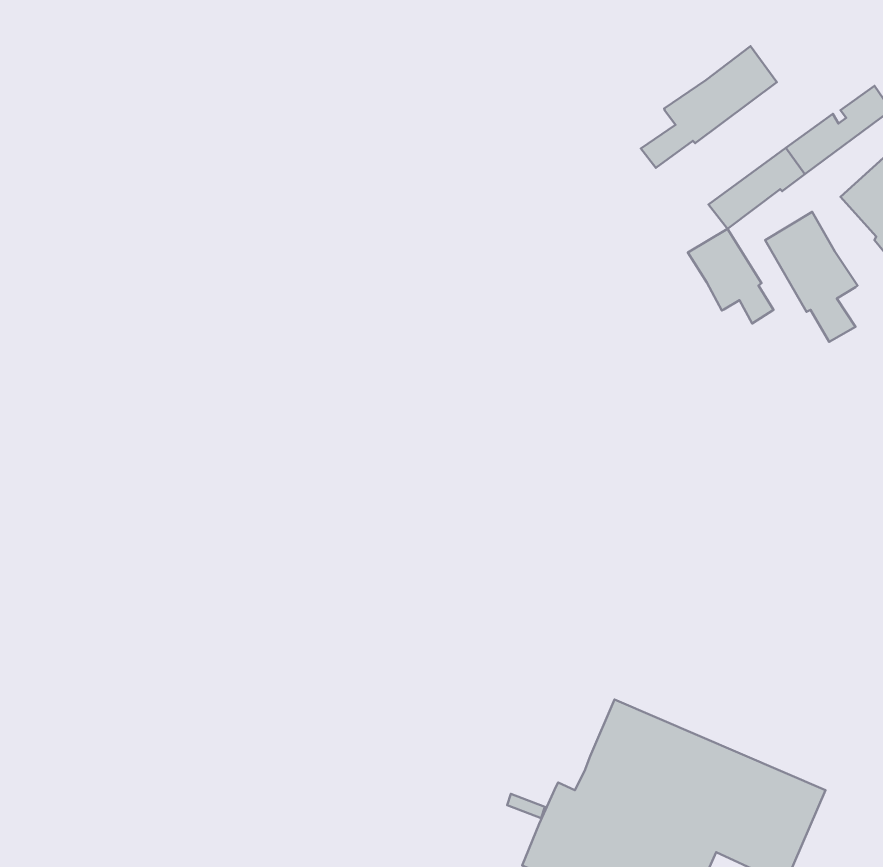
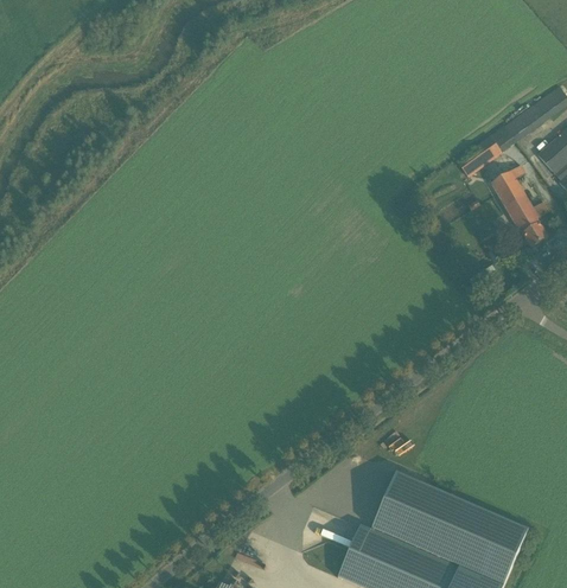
building: [641,46,777,168] -> none
building: [688,229,774,323] -> none

